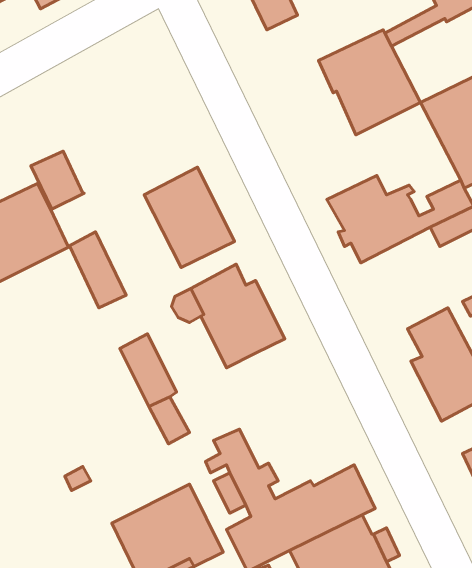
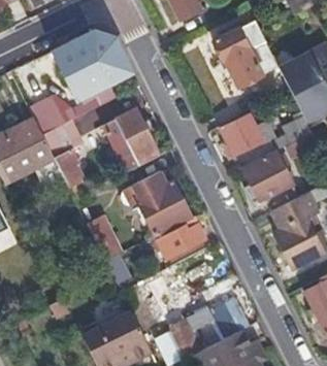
building: none -> [54,31,132,118]
building: none -> [42,121,83,159]
building: none -> [243,154,299,211]
building: none -> [156,215,207,261]

